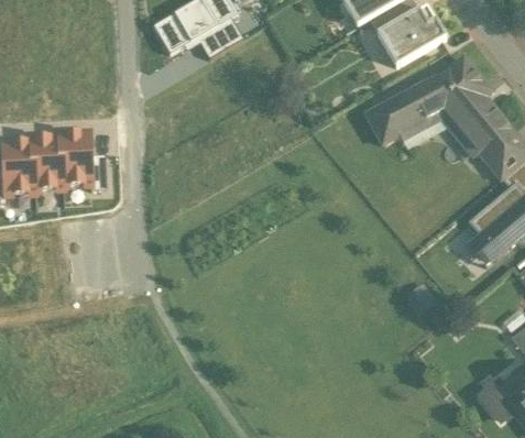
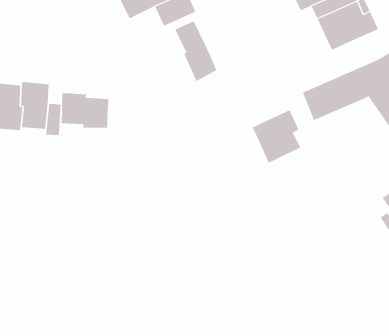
building: none -> [174,20,217,82]
building: none -> [252,110,301,164]
building: none -> [61,92,109,129]

